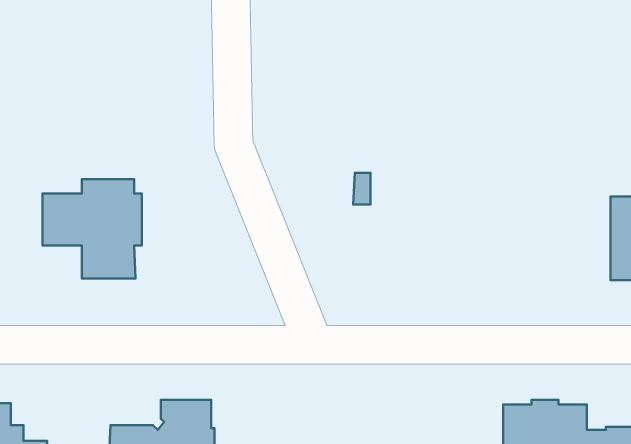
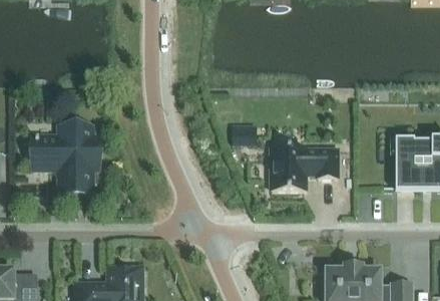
building: none -> [270,147,337,191]

